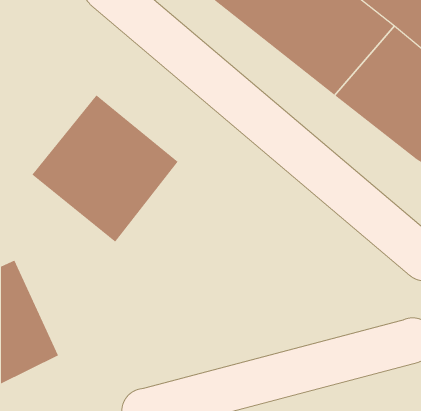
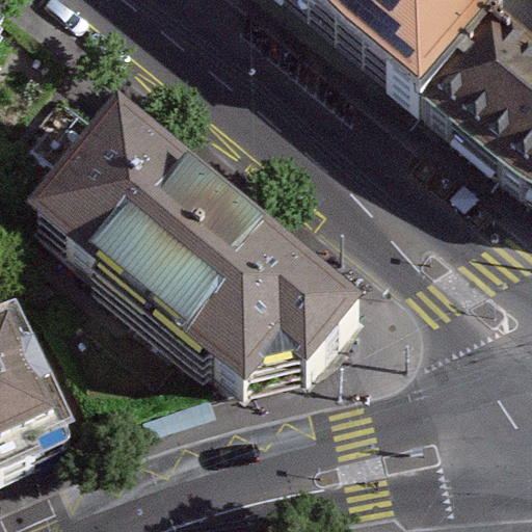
building: none -> [149,203,365,388]

